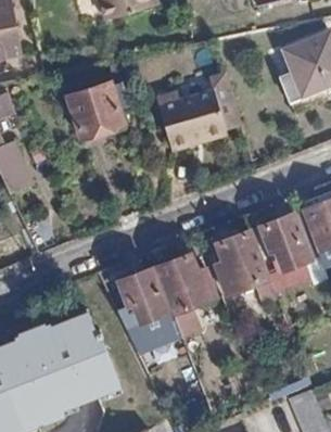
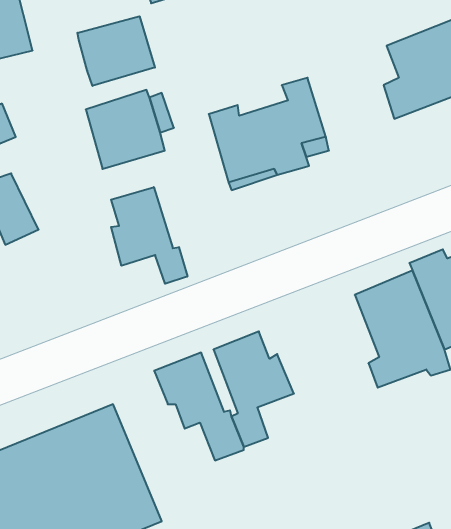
building: none -> [77,16,155,86]
building: none -> [111,187,187,284]
building: [216,232,278,305] -> none

